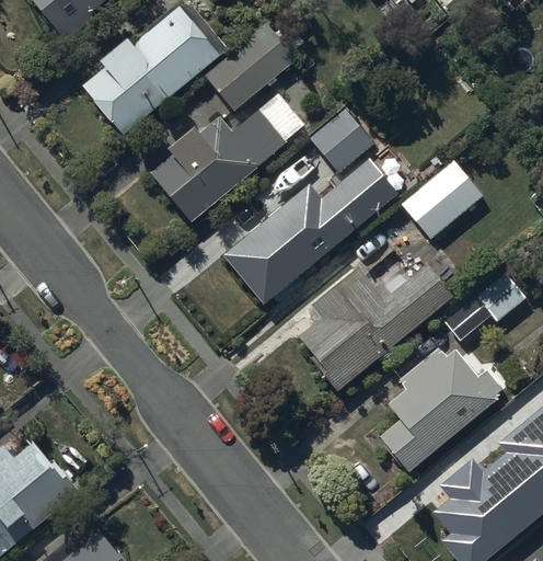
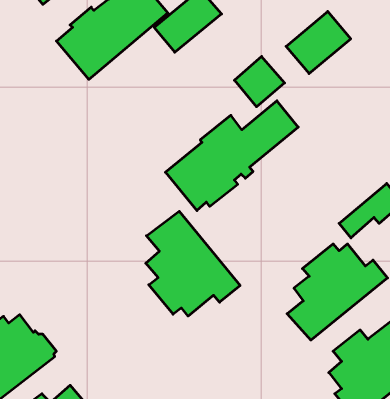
building: [150,79,307,210] -> none
building: [400,158,483,238] -> [286,11,351,74]
building: [297,263,453,393] -> none
building: none -> [146,211,240,316]

